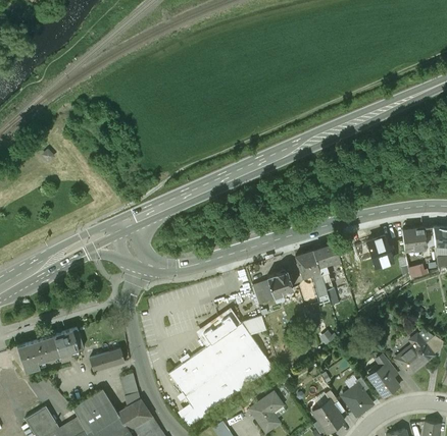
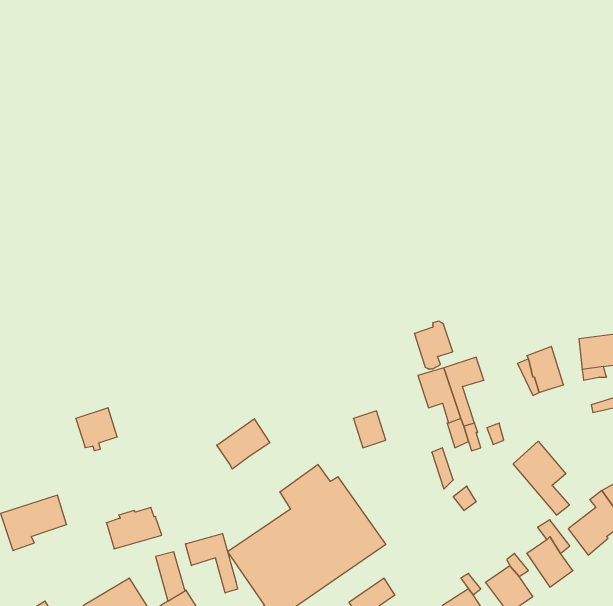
building: [266,269,292,301] -> [414,321,453,369]
building: none -> [217,419,270,469]
building: none -> [513,441,569,515]
building: [55,329,83,358] -> [76,408,117,451]
building: none -> [185,534,237,593]

